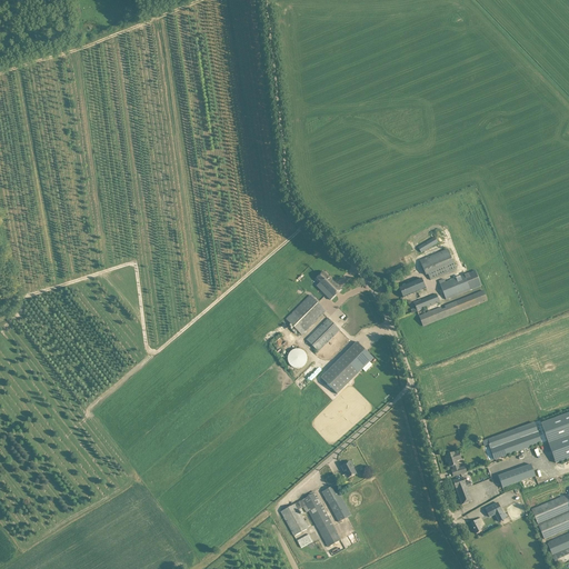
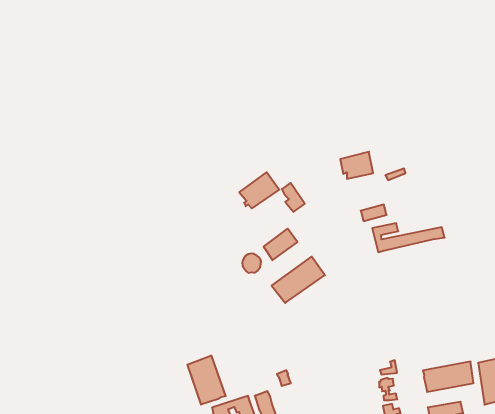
building: [420,248,456,279] -> [340,152,373,179]
building: [440,269,481,299] -> none
building: [286,295,326,333] -> [239,172,279,208]
building: none -> [187,355,226,405]

